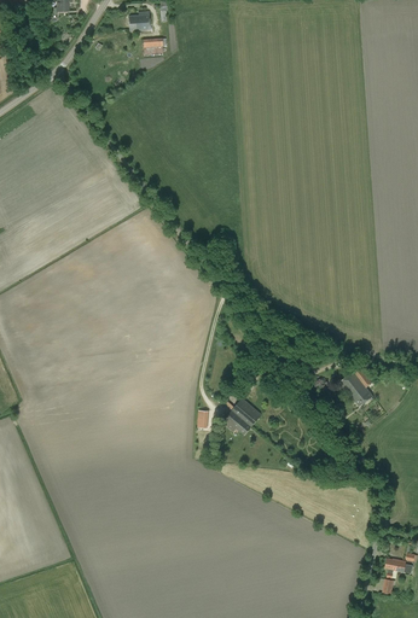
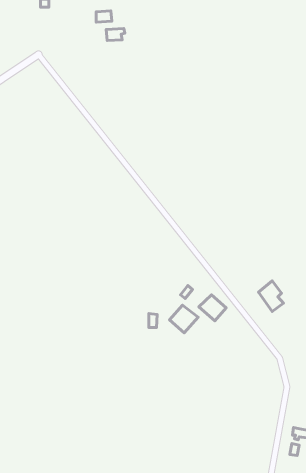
building: none -> [199,295,226,321]

